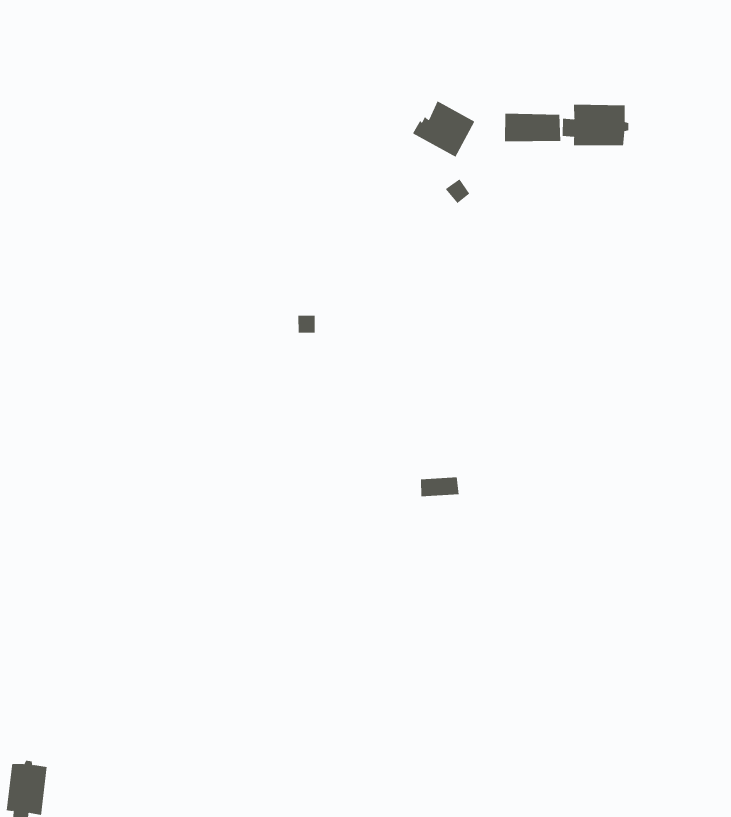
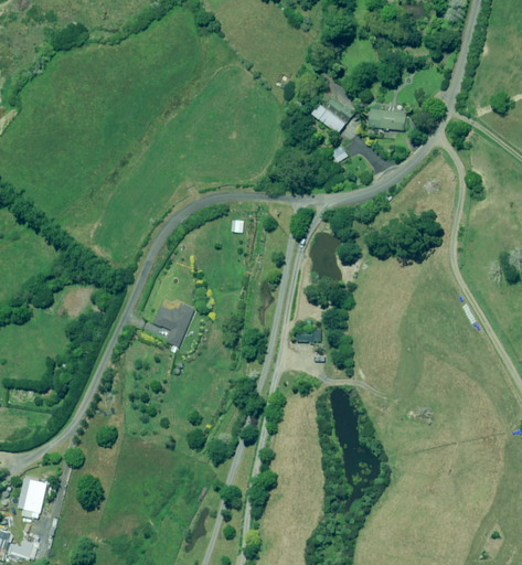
building: [562,104,629,146] -> none
building: none -> [151,302,194,352]

